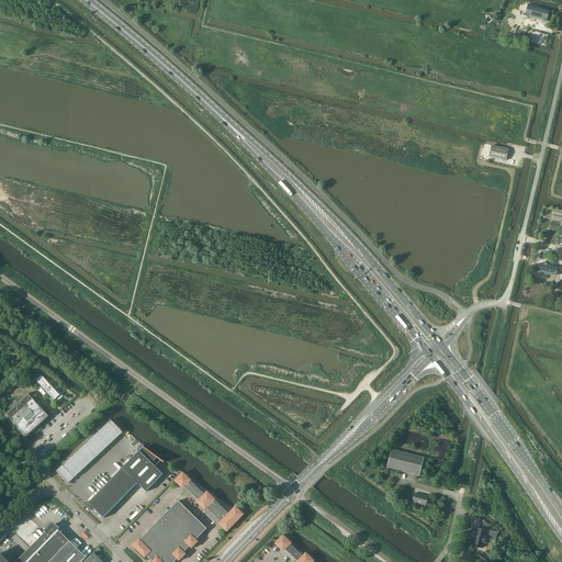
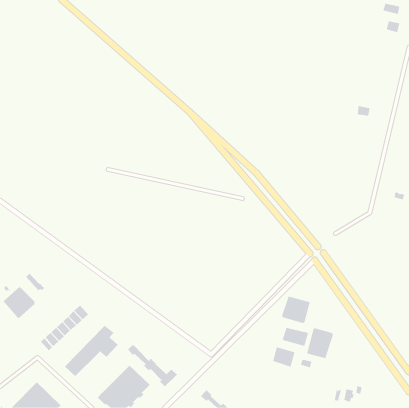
building: none -> [281,296,310,324]
building: none -> [307,328,333,359]
building: none -> [273,347,295,368]

